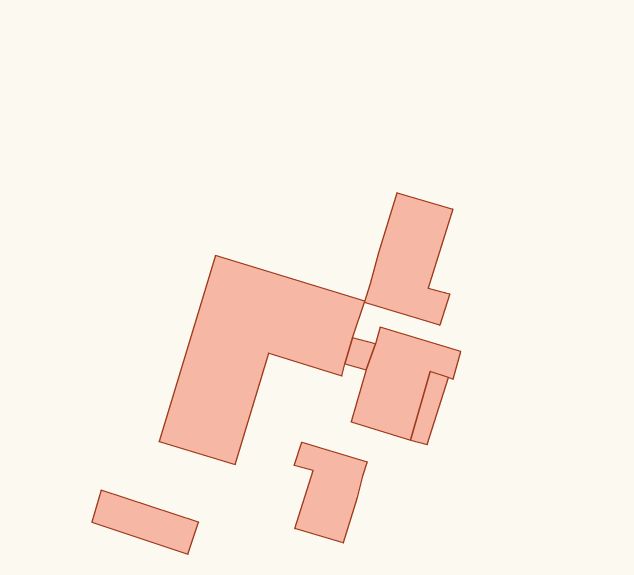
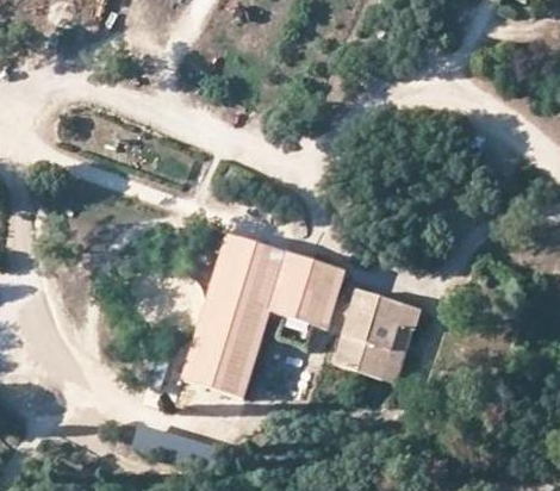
building: [364,193,453,325] -> none
building: [294,442,367,543] -> none

